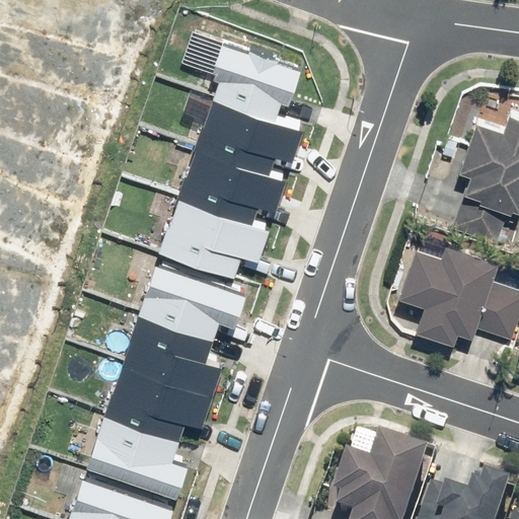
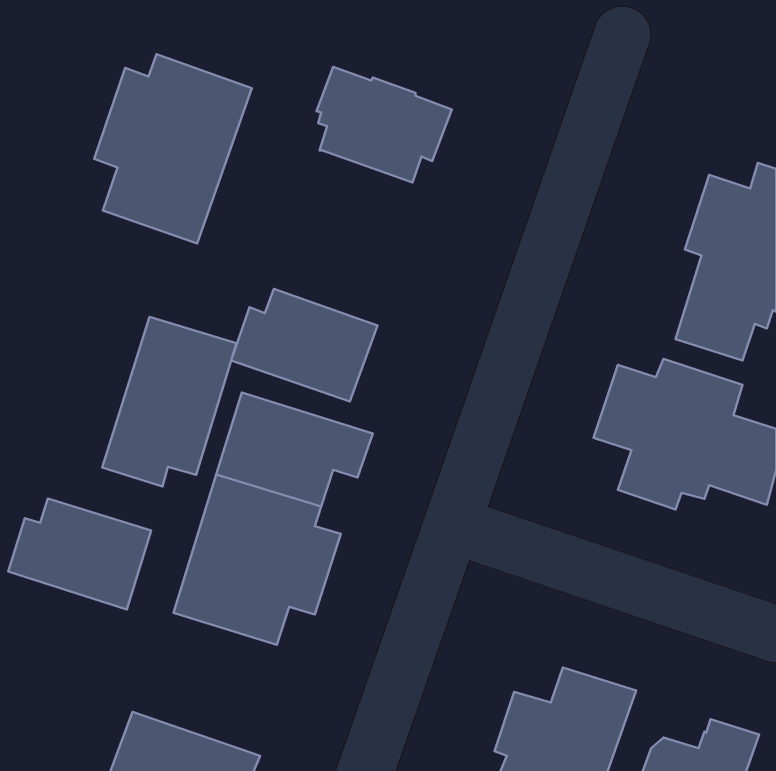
building: none -> [94,54,252,243]
building: [182,104,295,221] -> none
building: none -> [102,317,237,487]
building: [89,413,184,487] -> [8,498,151,609]

